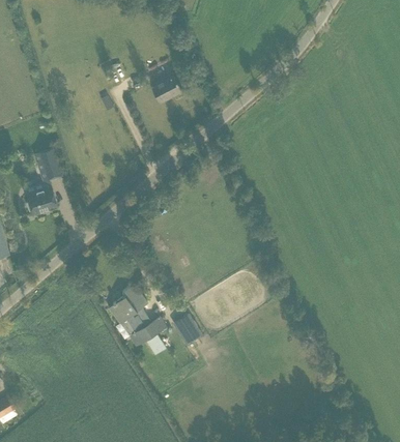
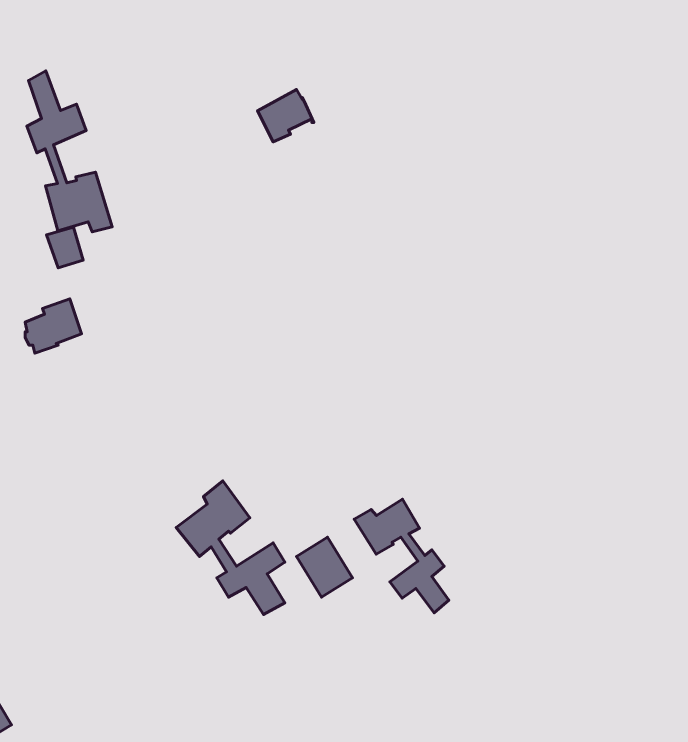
building: none -> [27,71,112,232]
building: none -> [354,499,449,613]

